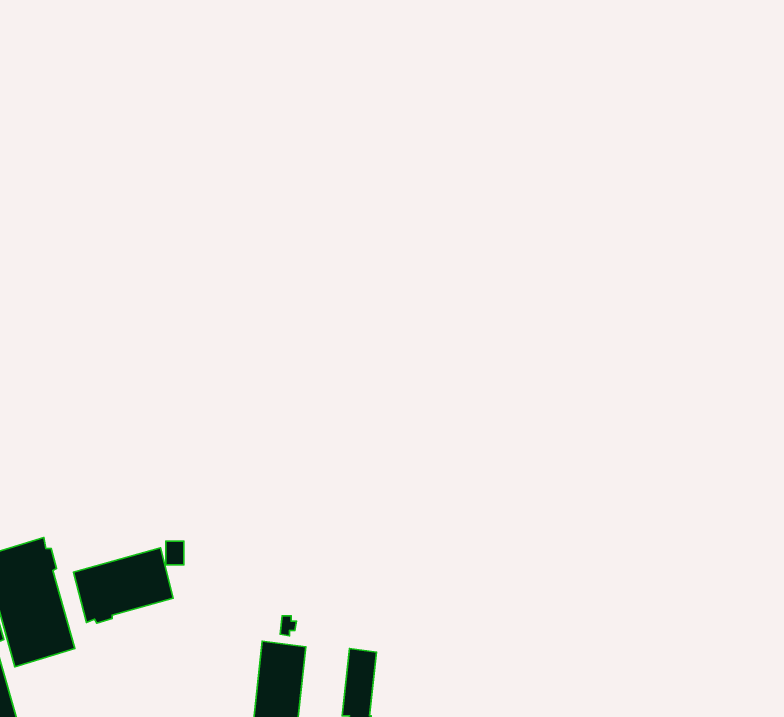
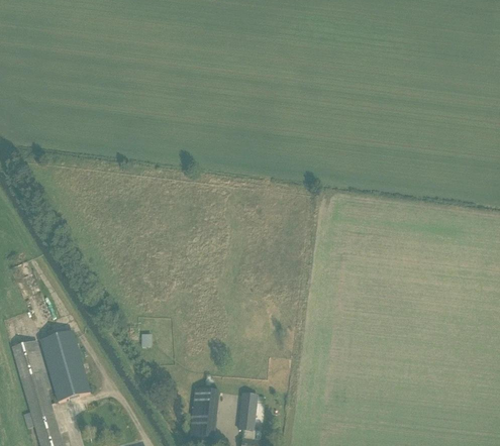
building: [74,548,173,623] -> none

